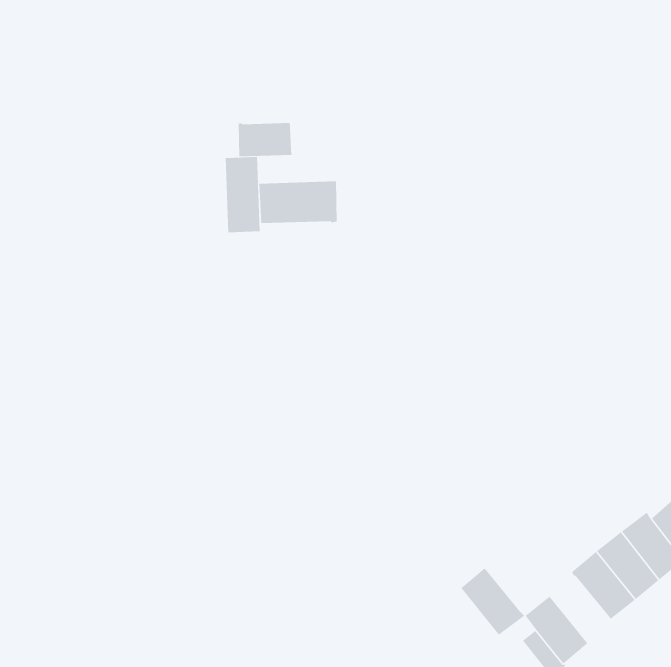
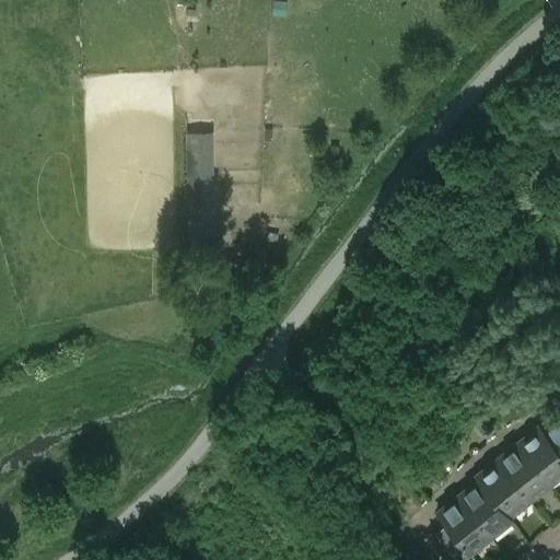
building: [238,122,292,157] -> none
building: [259,180,337,224] -> none
building: [460,568,525,635] -> [458,483,512,539]

